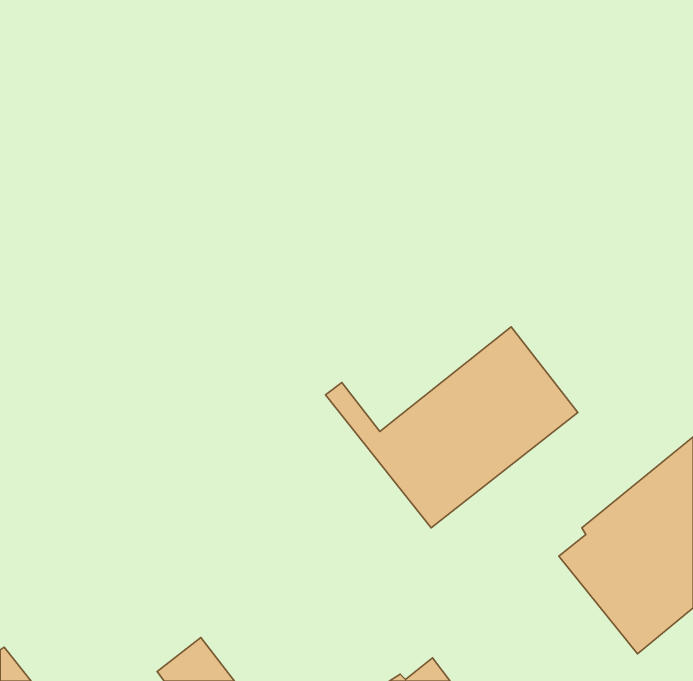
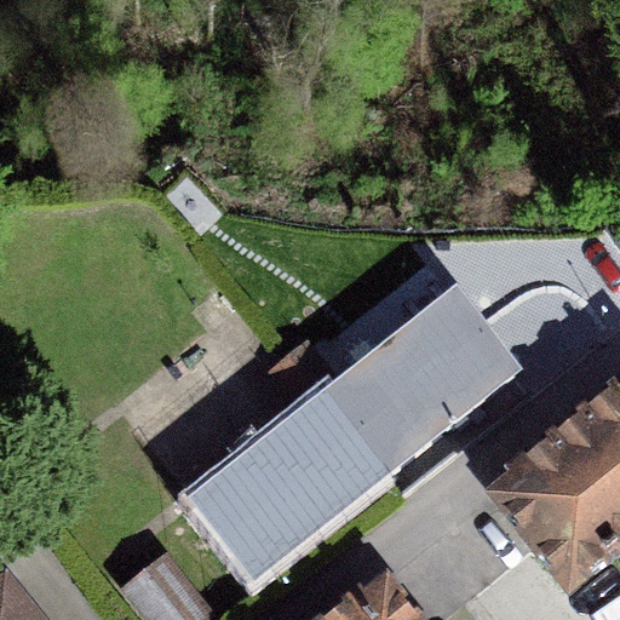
building: none -> [195,352,385,575]

